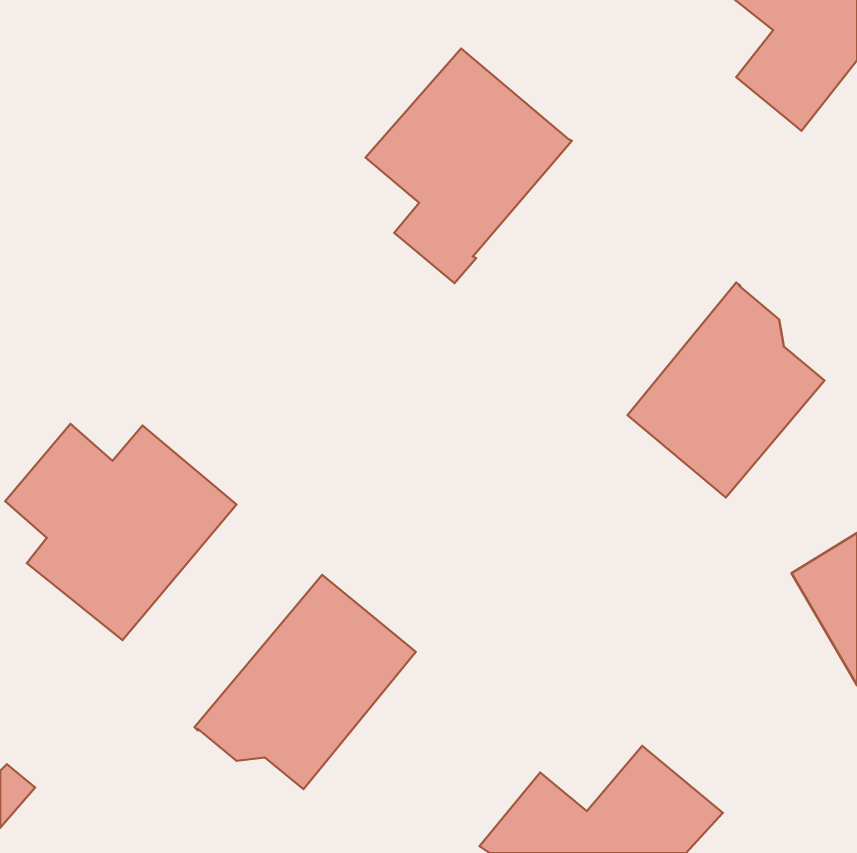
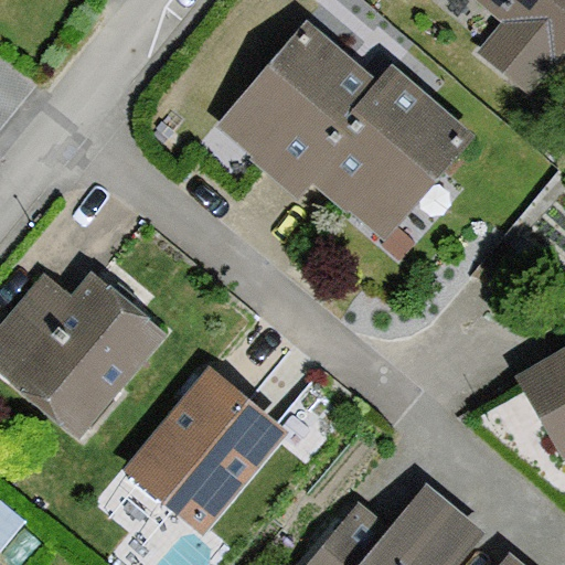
building: none -> [311,75,463,212]
building: [627,283,825,497] -> none

